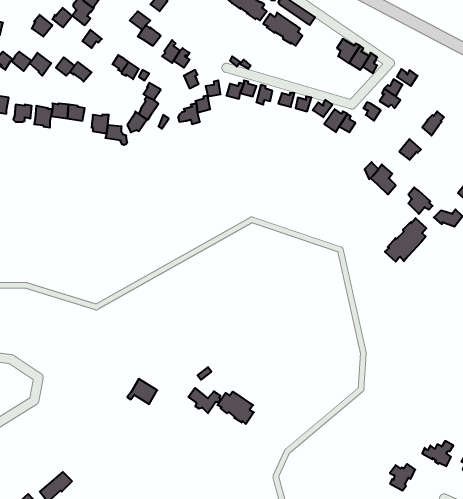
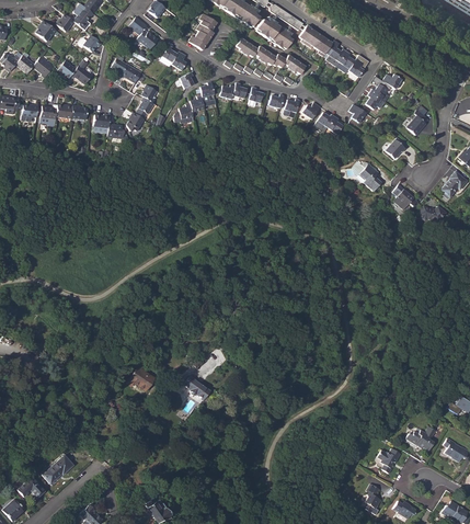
building: none -> [187,13,217,49]
building: none -> [300,24,333,55]
building: none -> [236,37,307,75]
building: [385,218,426,262] -> none
building: [217,392,254,424] -> none

